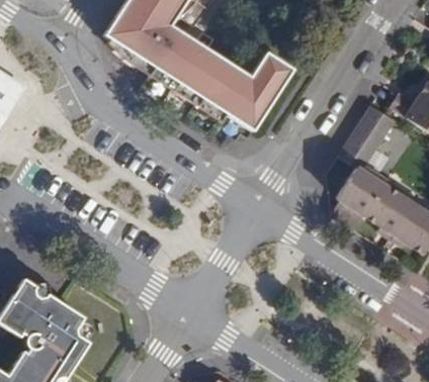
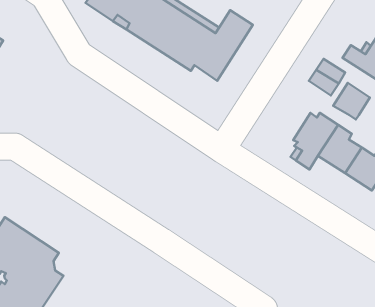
building: [339,129,379,170] -> [333,83,370,120]

